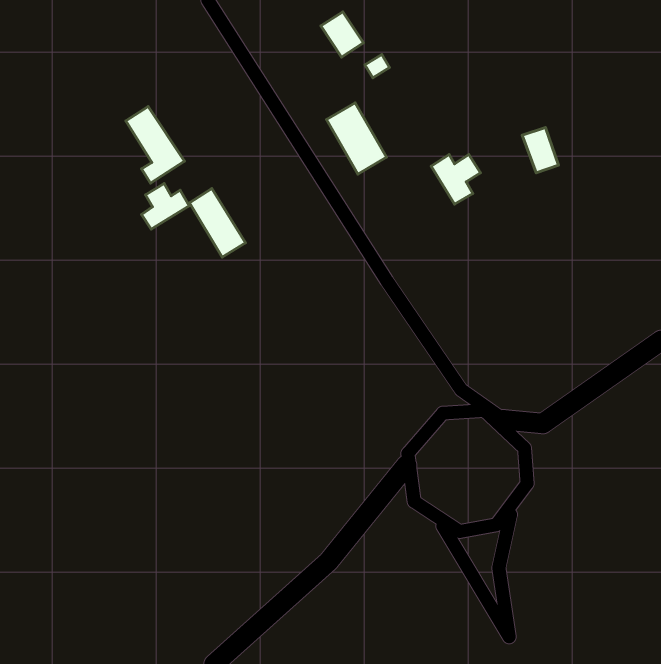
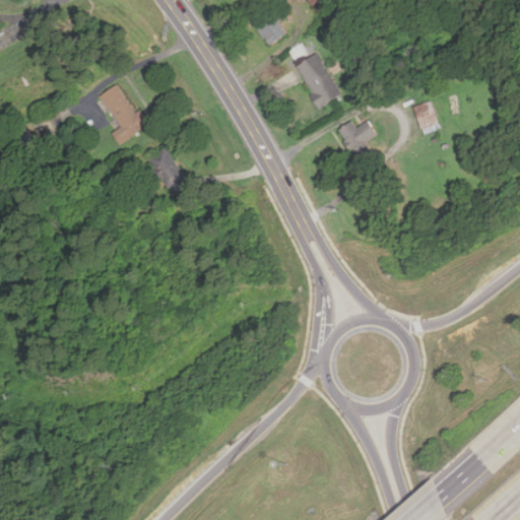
building: [327,103,386,174] -> [294,52,340,108]
building: [141,184,189,229] -> none

